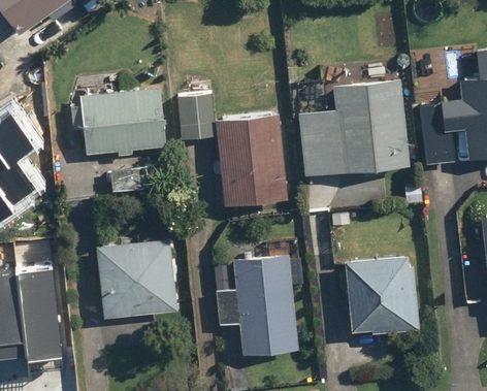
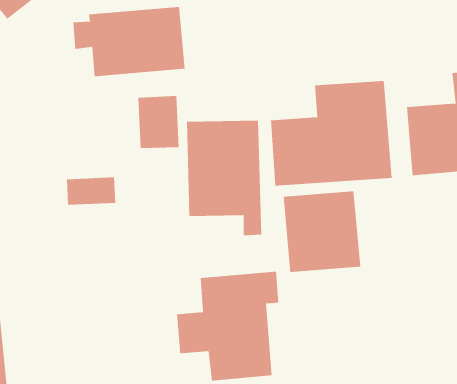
building: [67,91,170,155] -> [72,6,186,77]
building: [94,234,184,318] -> none
building: [345,254,416,328] -> [283,191,361,272]

